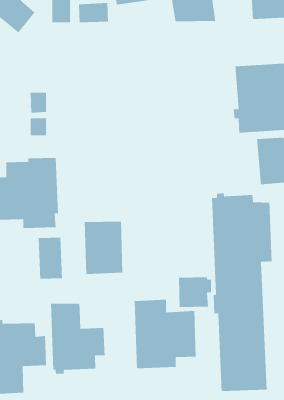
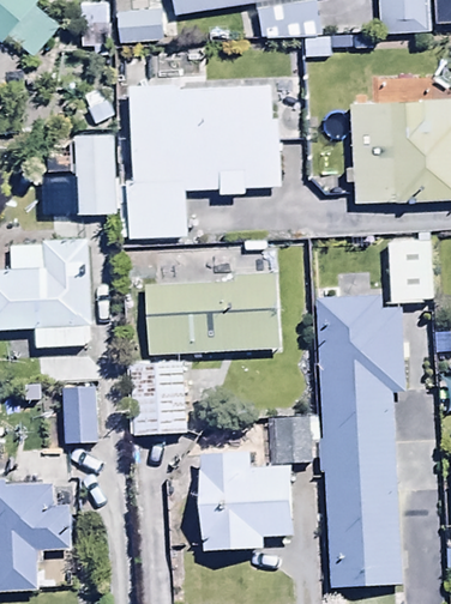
building: none -> [130,81,282,240]
building: none -> [74,109,114,187]
building: none -> [144,250,273,328]
building: [50,303,105,374] -> none

